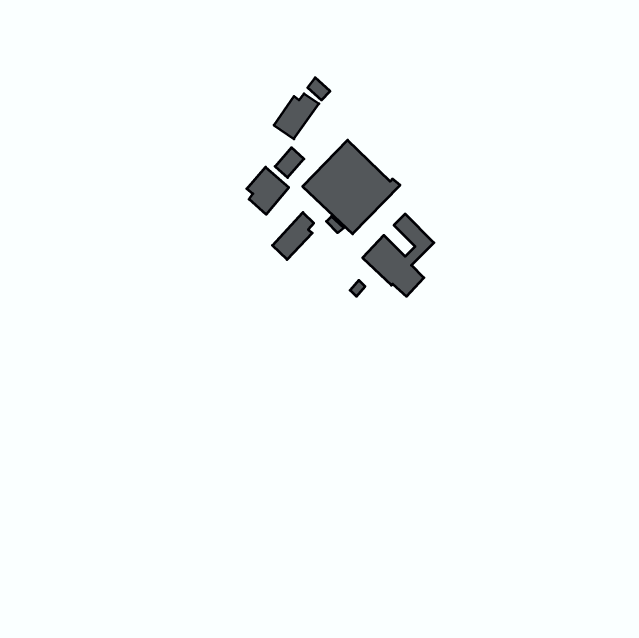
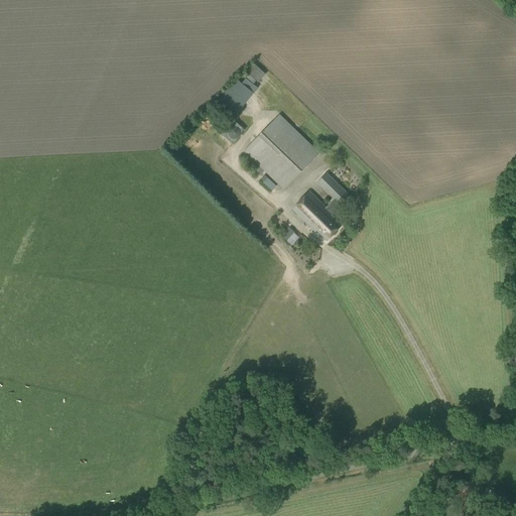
building: [247,167,289,214] -> none
building: [272,212,314,260] -> none

